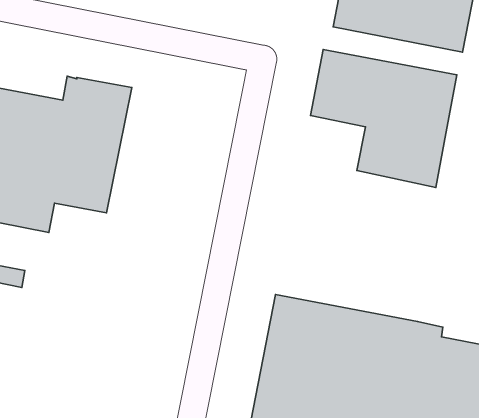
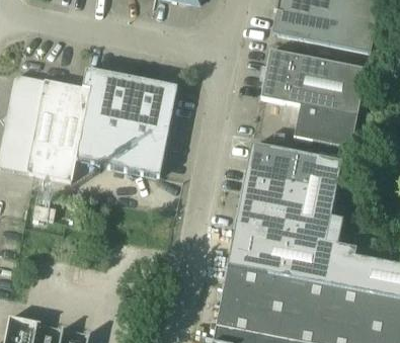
building: none -> [114,77,178,176]
building: none -> [236,145,342,245]

